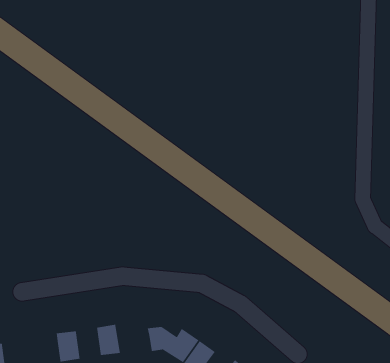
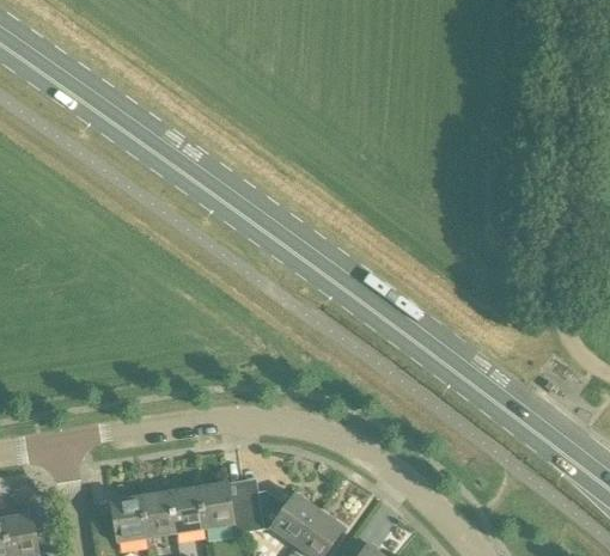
building: none -> [199,484,250,531]
building: none -> [141,493,176,539]

